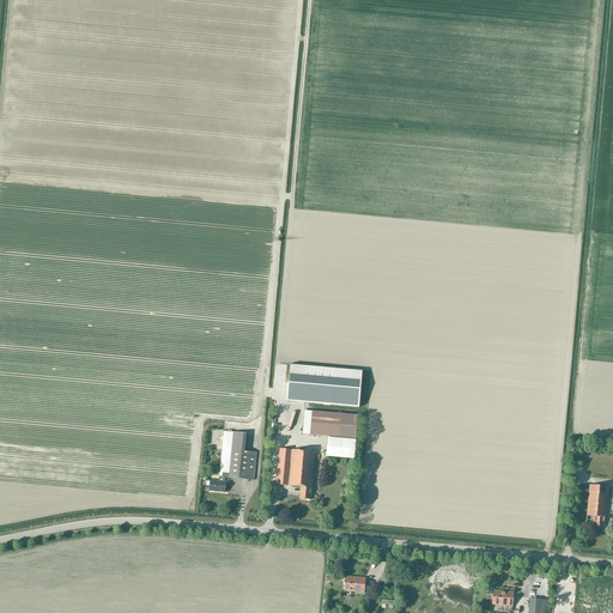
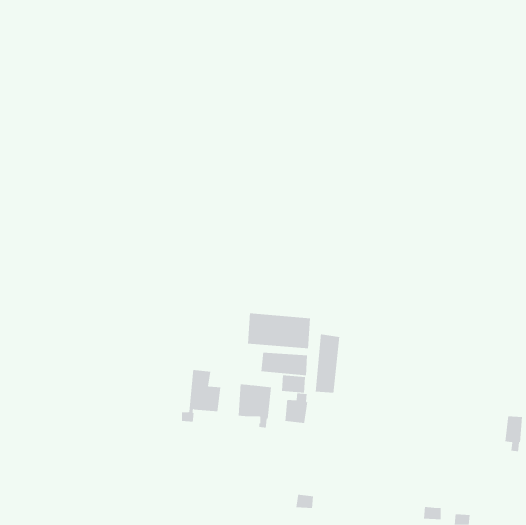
building: none -> [315,334,340,393]
building: none -> [285,393,308,424]

